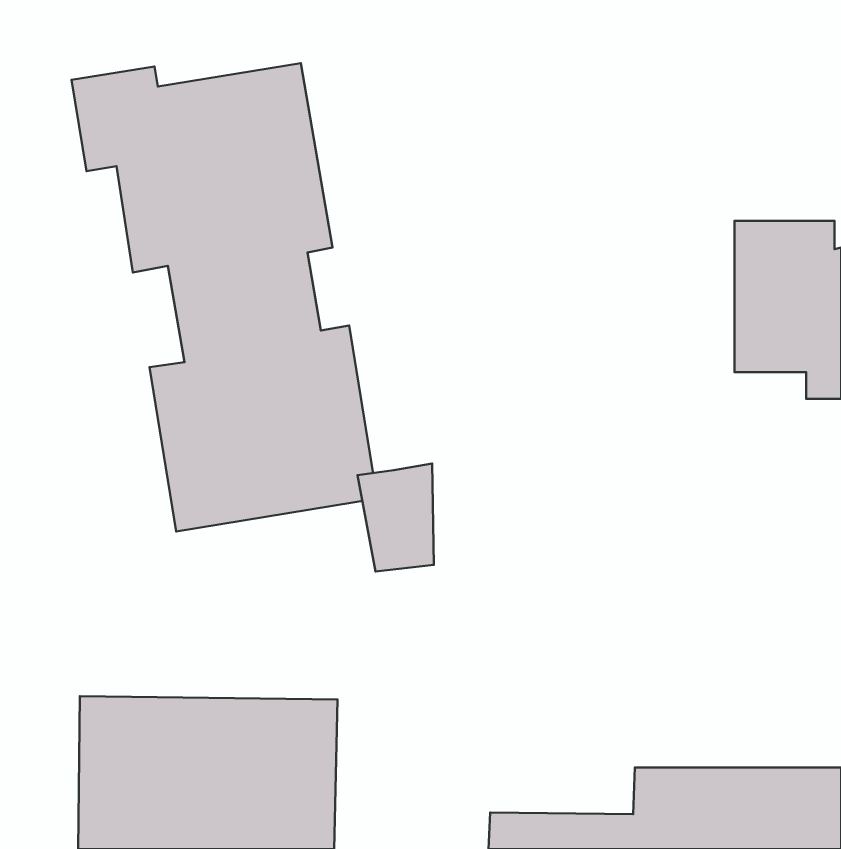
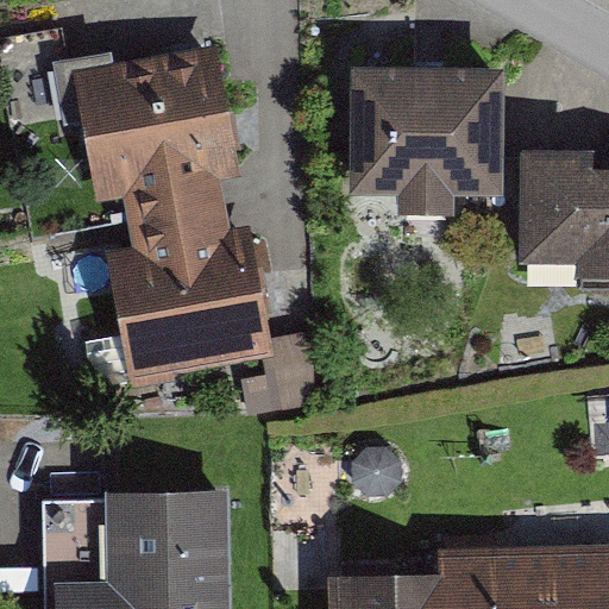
building: none -> [349,68,503,218]

